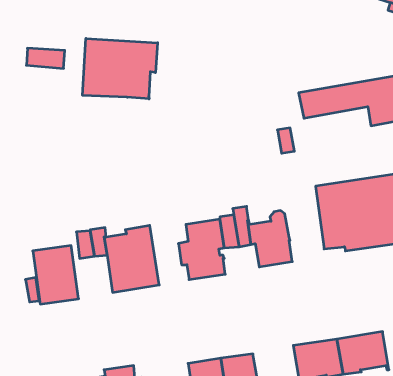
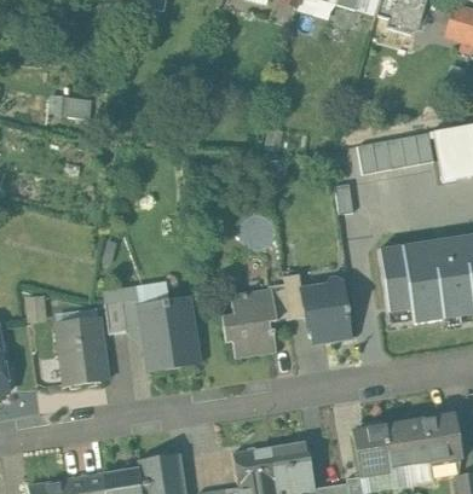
building: [83,38,158,99] -> none

